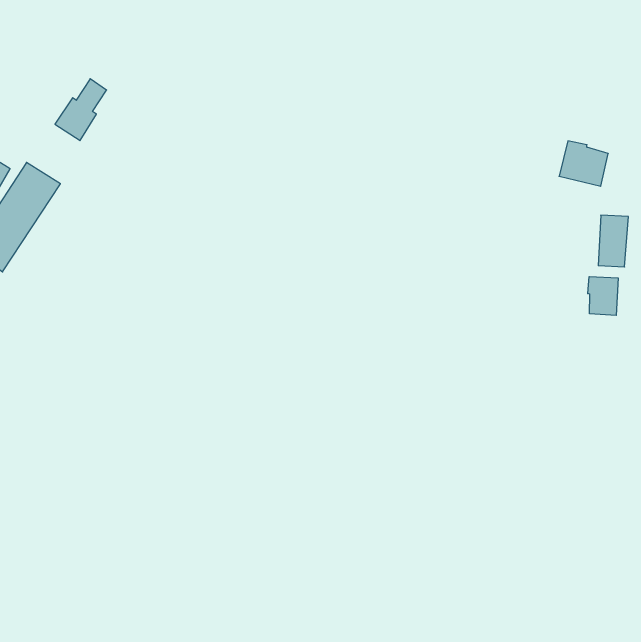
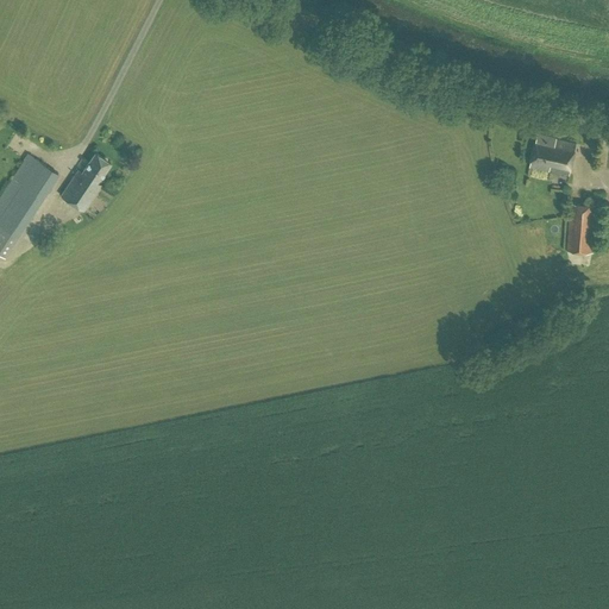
building: [55,79,107,141] -> [59,153,108,212]
building: [588,277,618,315] -> none

